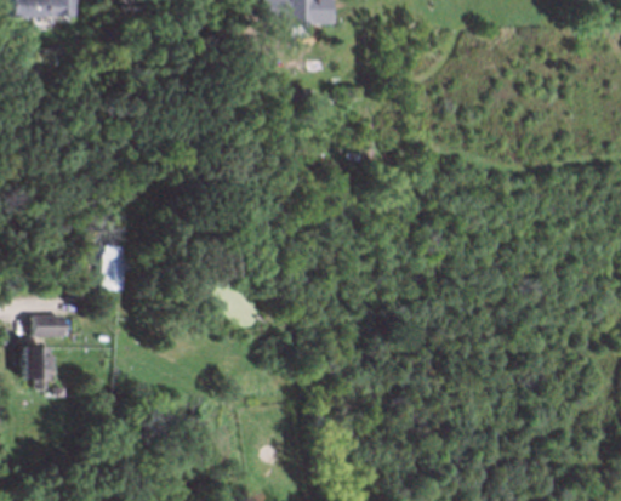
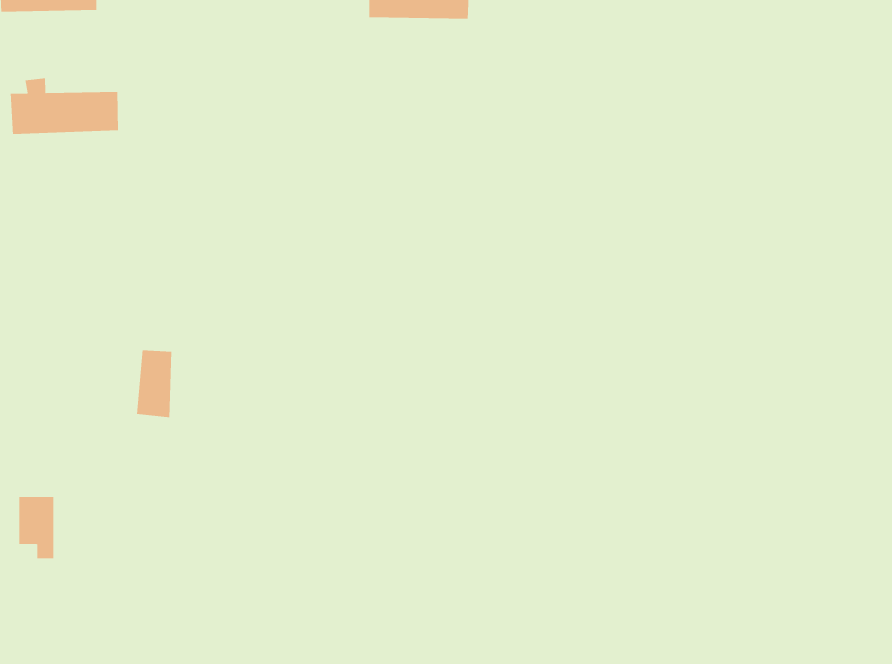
building: none -> [10,77,119,135]
building: [35,317,67,337] -> none

